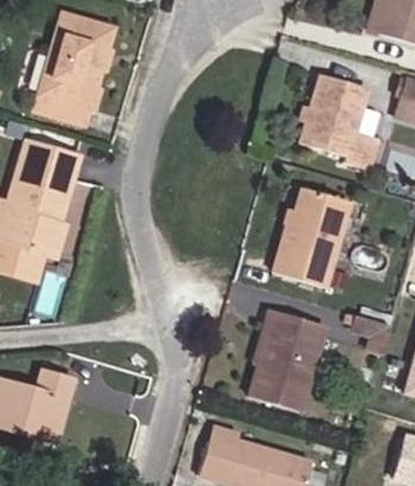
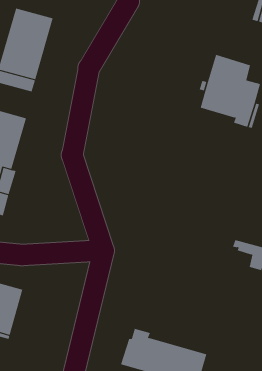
building: [271,188,347,287] -> none
building: [246,311,323,412] -> none

